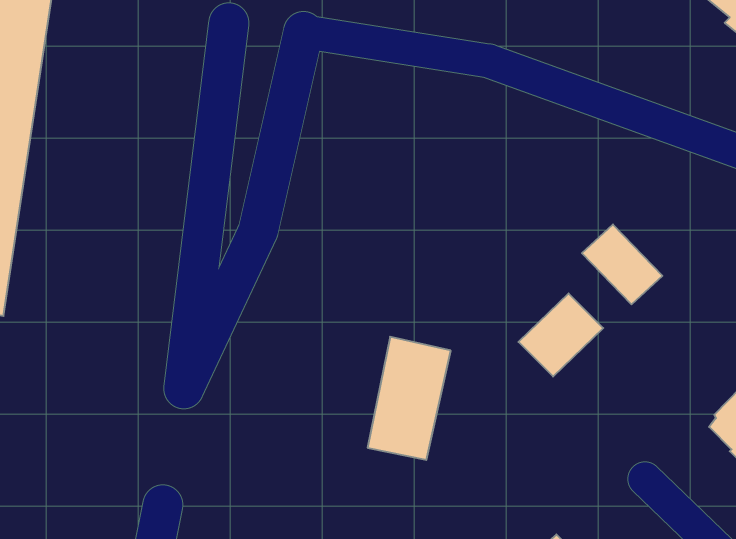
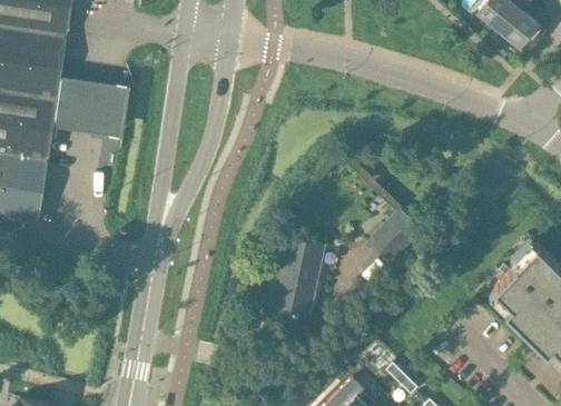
building: none -> [53,76,130,139]
building: [582,224,662,304] -> none

